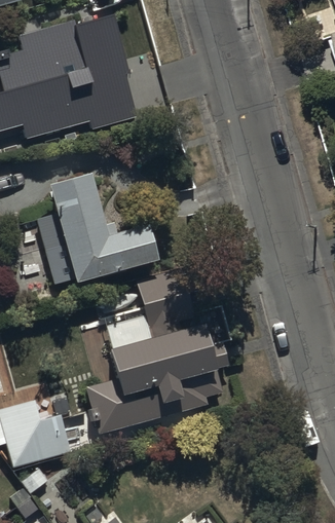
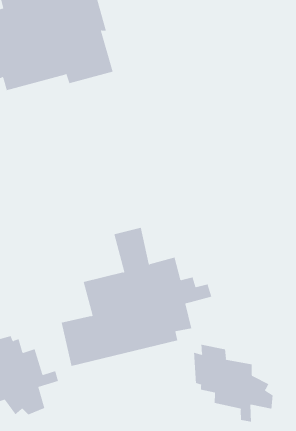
building: [41,184,160,295] -> none
building: none -> [194,344,273,422]

